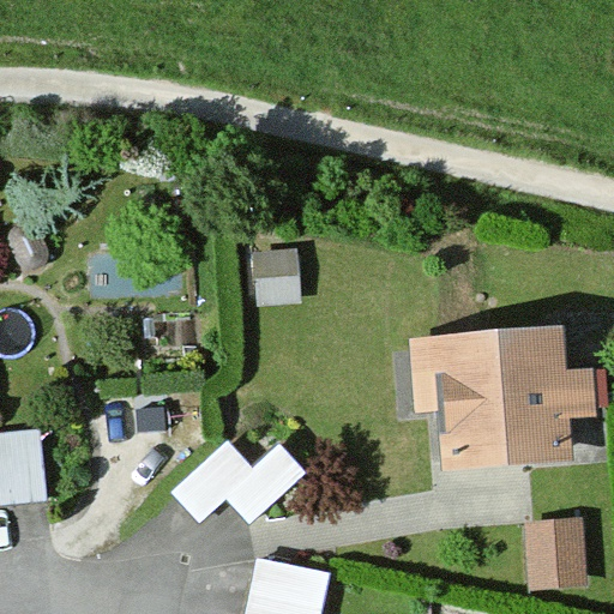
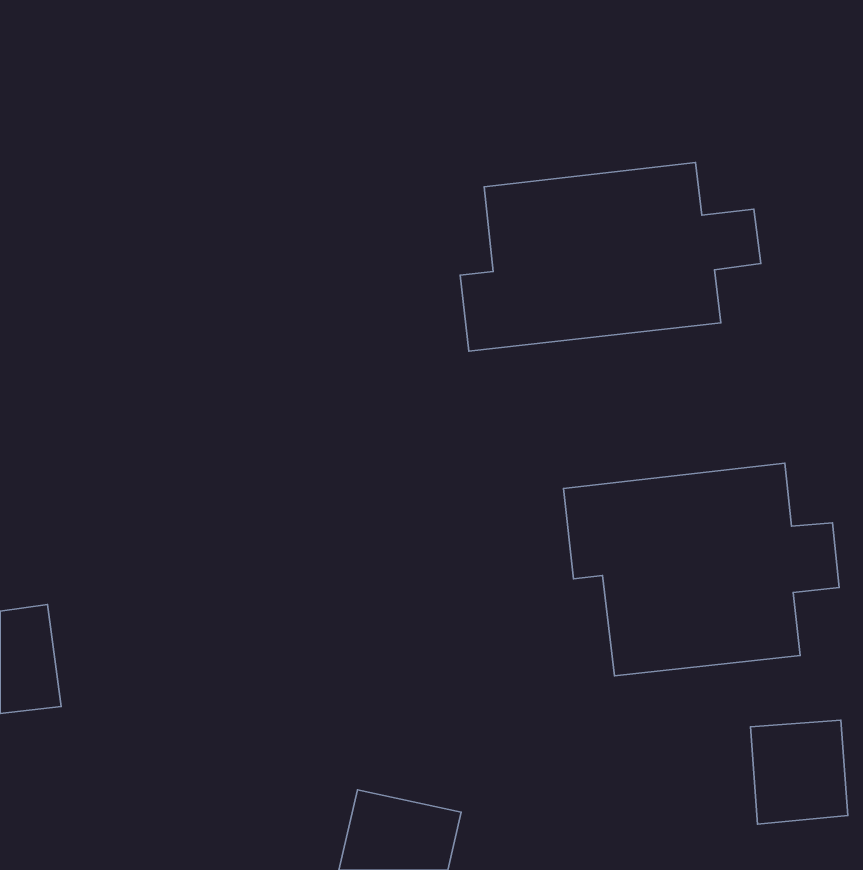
building: none -> [460,162,761,351]
building: [171,439,308,530] -> none

